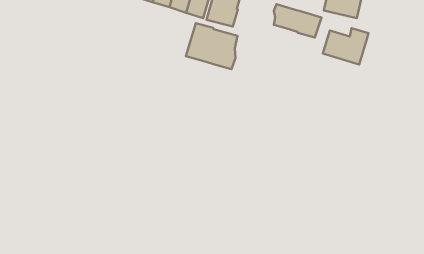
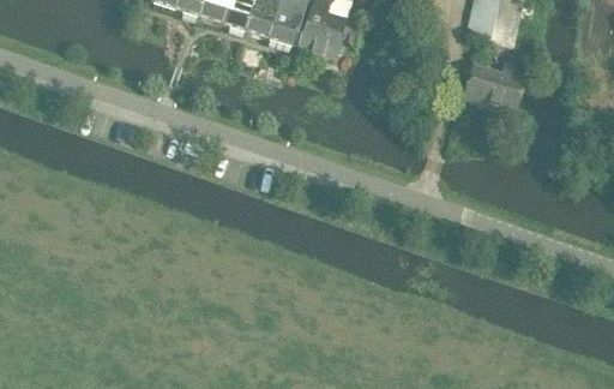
building: [274,4,322,38] -> none
building: [186,23,238,69] -> none

